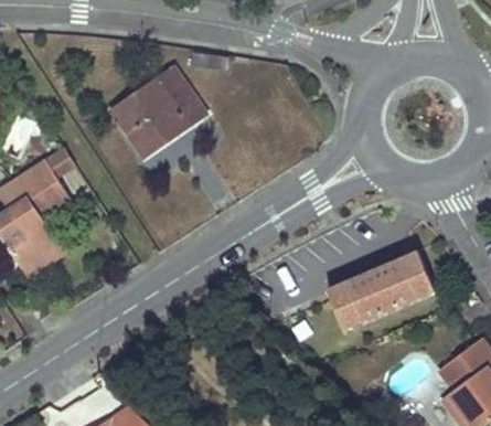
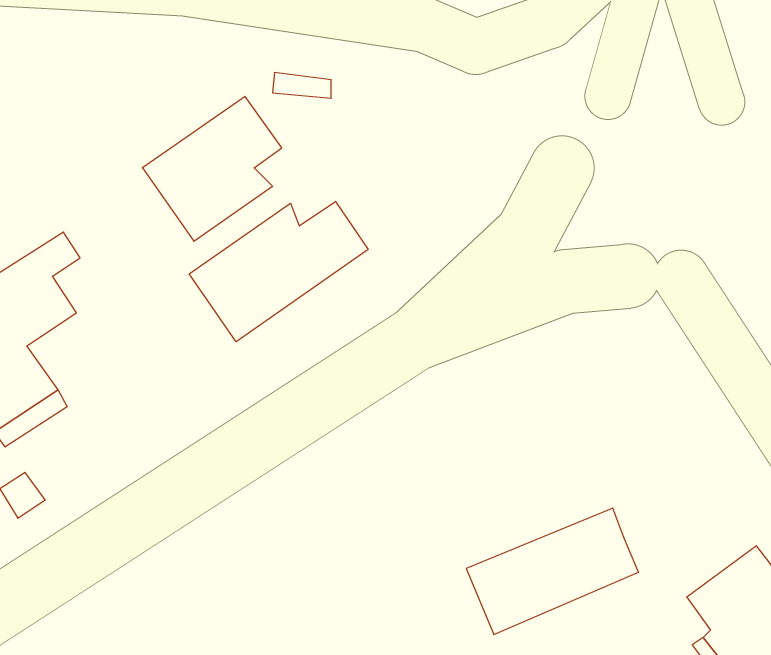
building: none -> [189,201,368,342]
building: [329,252,433,328] -> [466,508,639,635]

